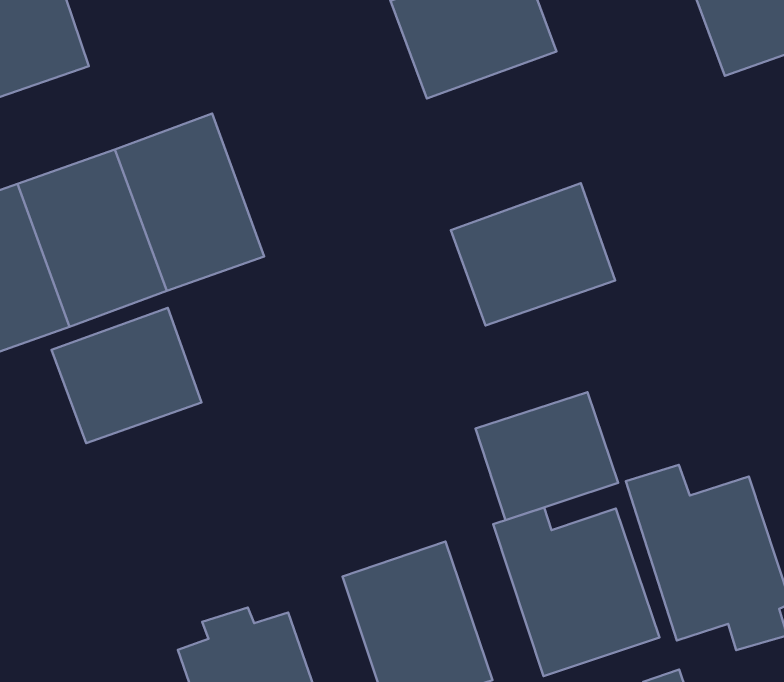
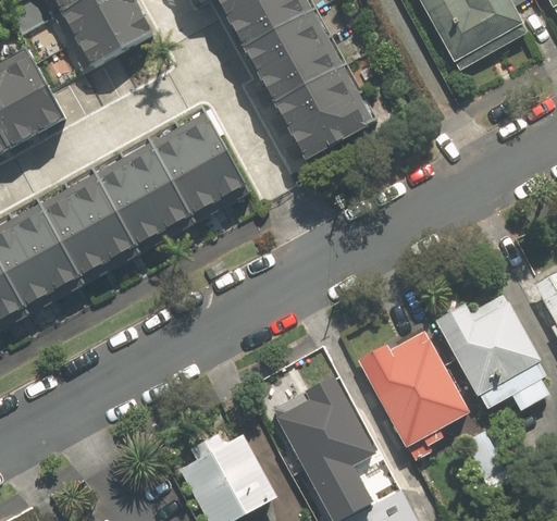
building: none -> [147,108,248,220]
building: [451,183,615,326] -> [275,66,380,162]
building: [52,308,201,443] -> none
building: [476,392,618,520] -> none

